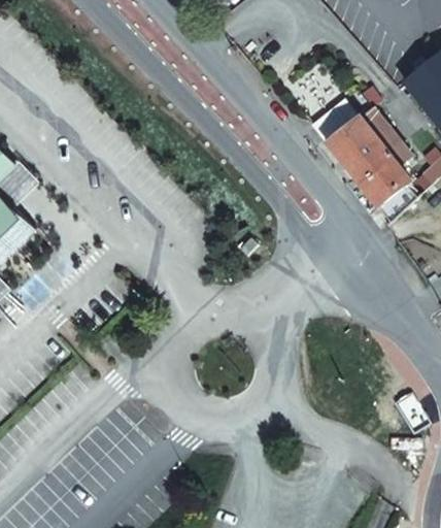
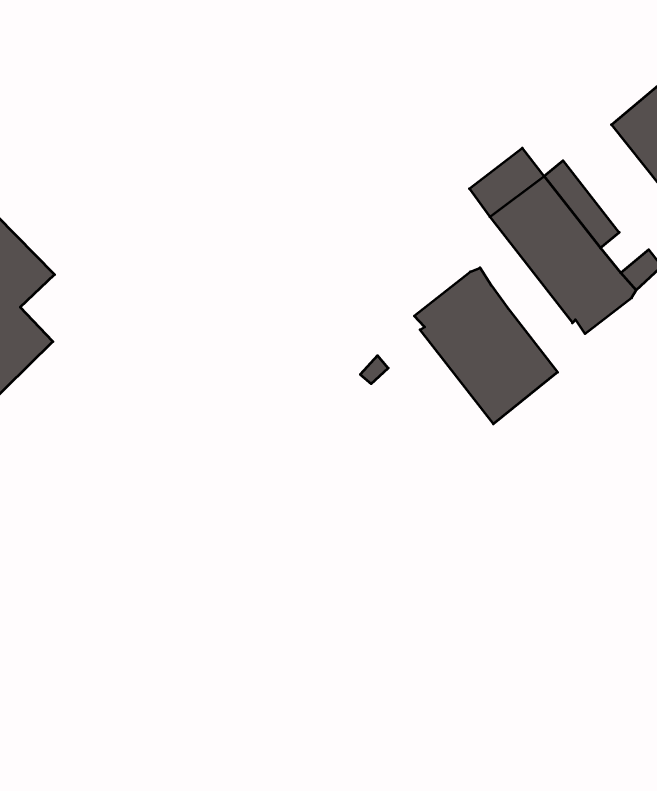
building: none -> [414,268,558,424]

